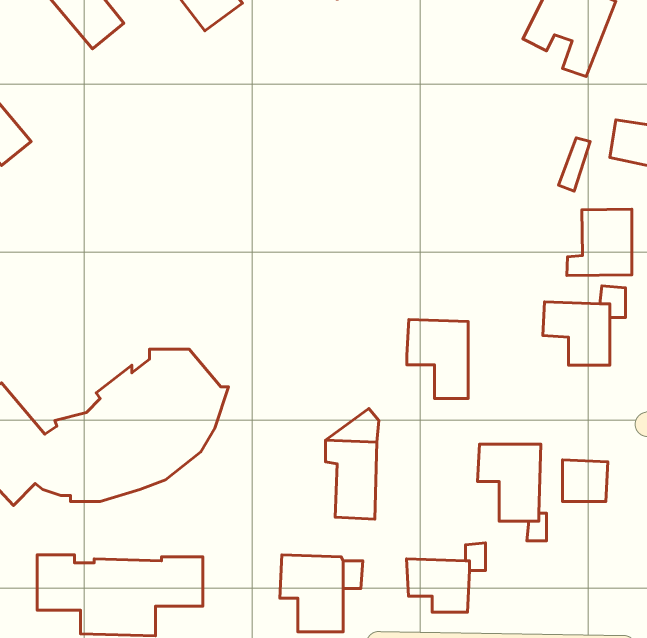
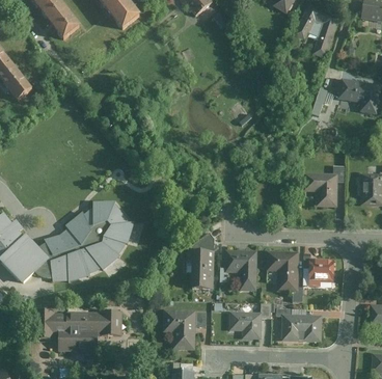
building: [567,209,632,275] -> none
building: [407,319,468,399] -> [225,247,257,289]
building: none -> [282,313,323,341]

